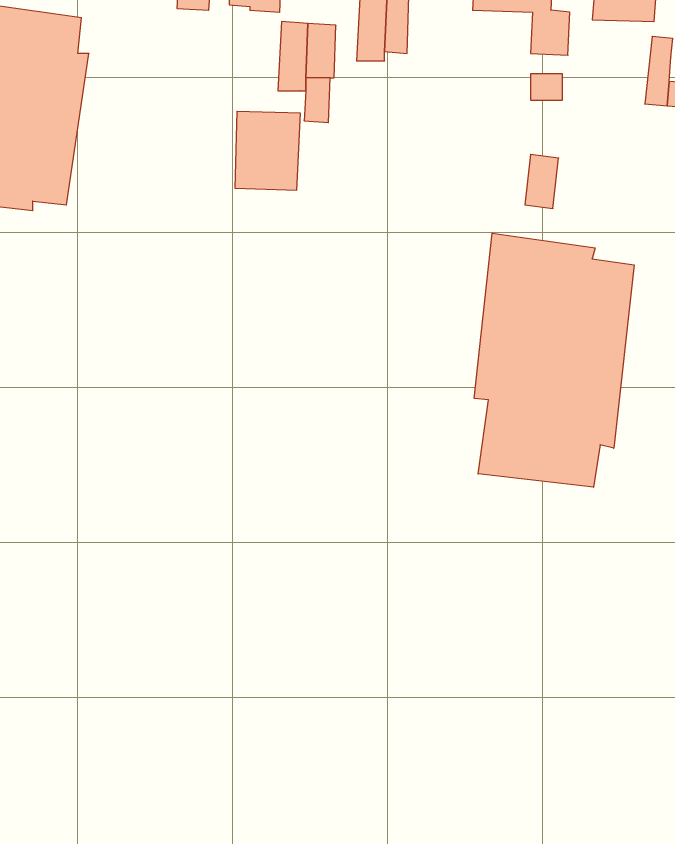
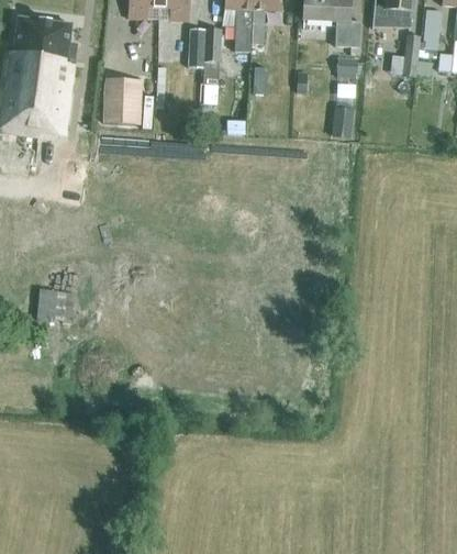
building: [235,111,300,190] -> [103,77,142,123]
building: [474,233,634,487] -> none
building: none -> [36,286,73,322]

